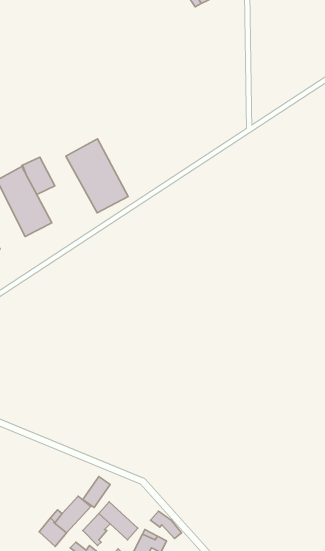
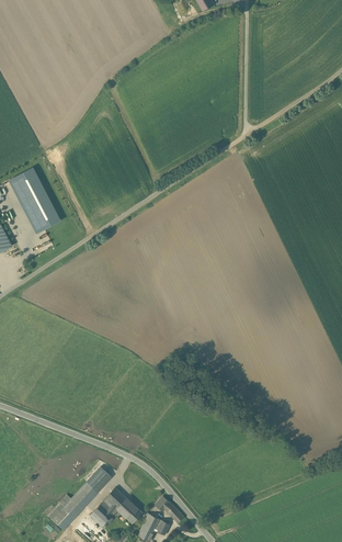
building: [66,139,128,213] -> none
building: [22,157,55,194] -> none

